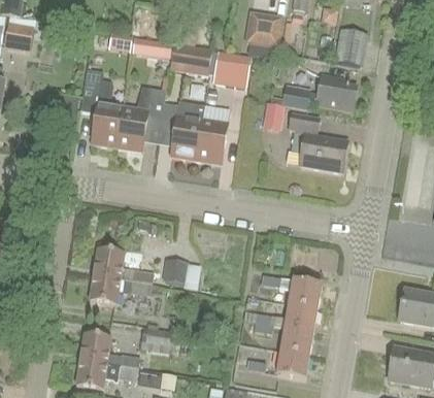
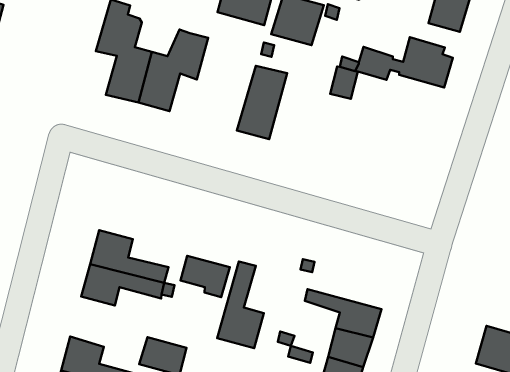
building: [171,101,205,160] -> none
building: [290,112,347,172] -> none
building: none -> [217,262,264,348]

